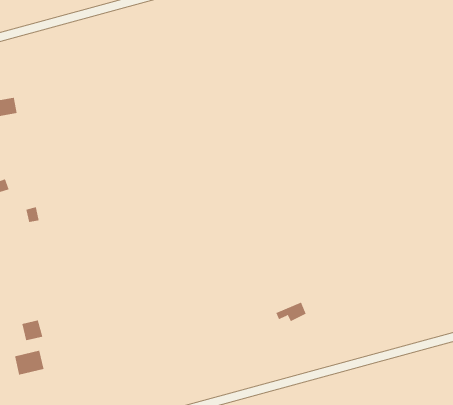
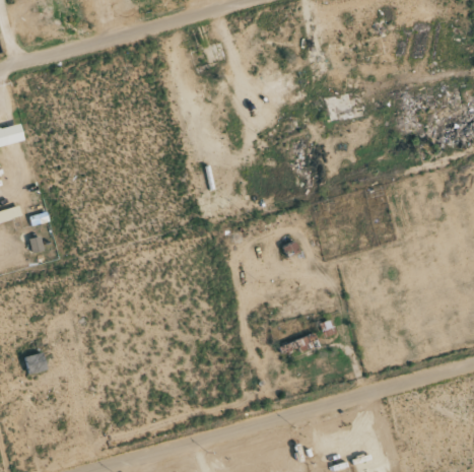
building: [14,350,44,375] -> none

